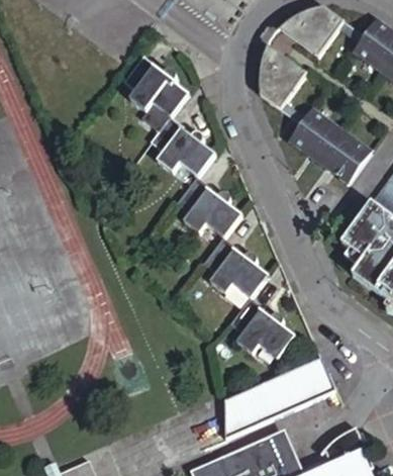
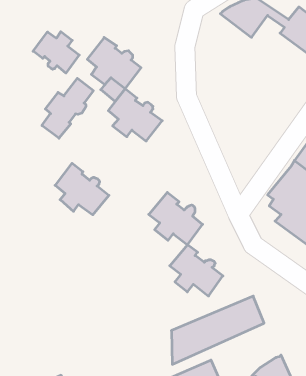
building: [264,44,372,183] -> none
building: none -> [33,32,79,73]
building: none -> [42,78,93,138]
building: [175,178,239,240] -> [55,163,109,215]

